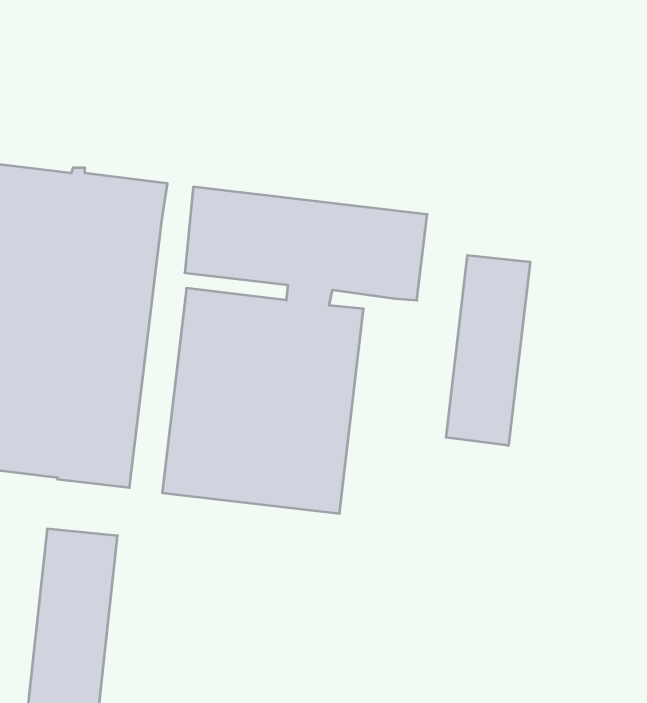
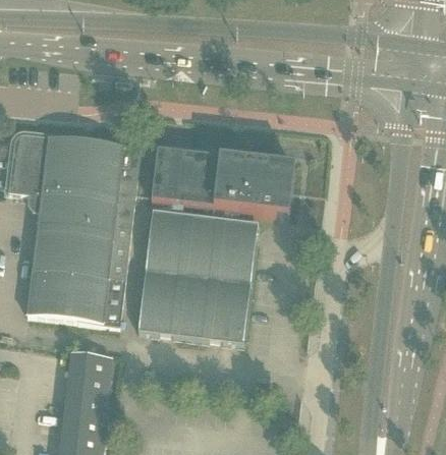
building: [446,255,530,446] -> none

